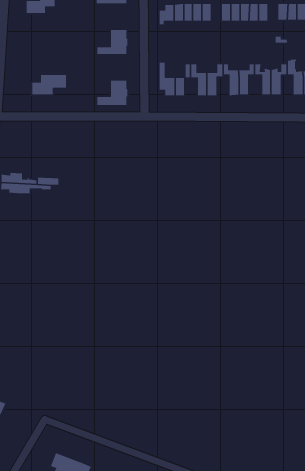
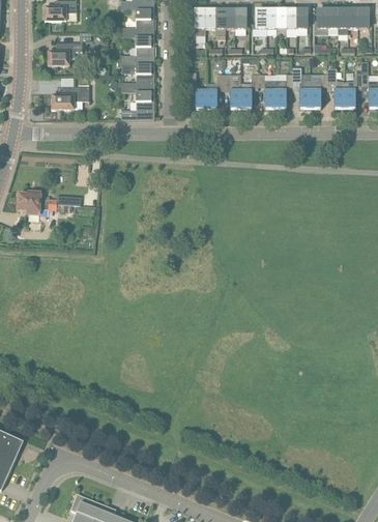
building: none -> [121,9,155,36]
building: none -> [48,41,82,64]
building: none -> [121,64,155,91]

